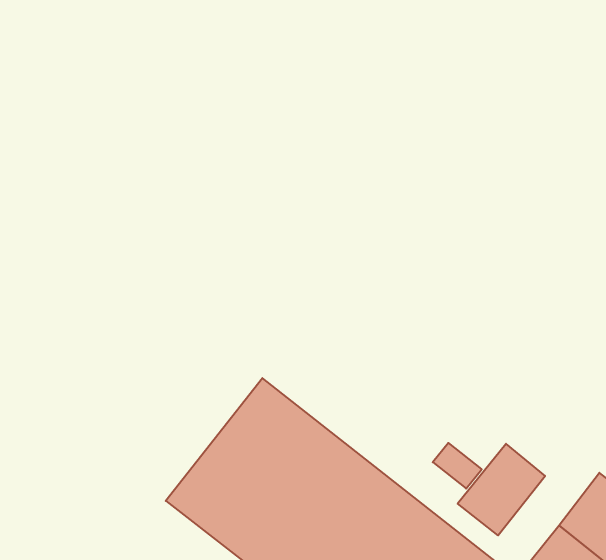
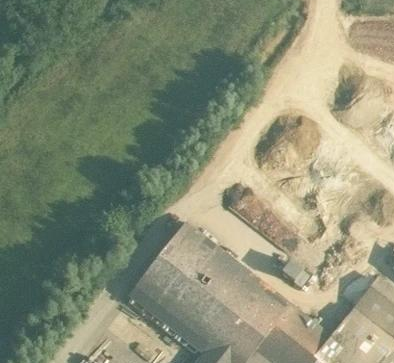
building: [458,444,545,535] -> none

